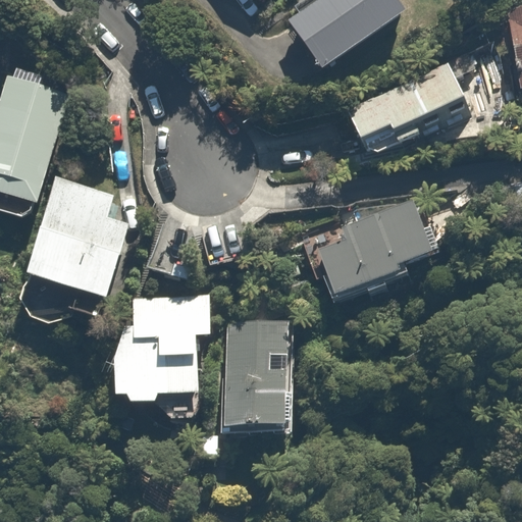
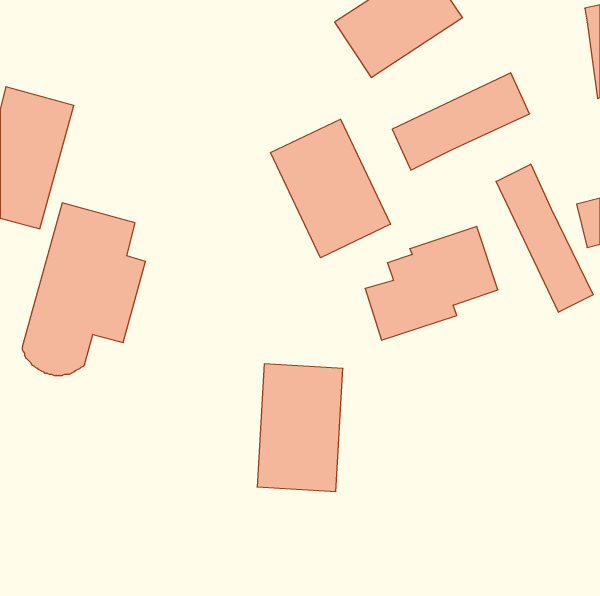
building: none -> [271,119,391,258]
building: none -> [496,164,593,312]
building: [111,296,209,426] -> none

